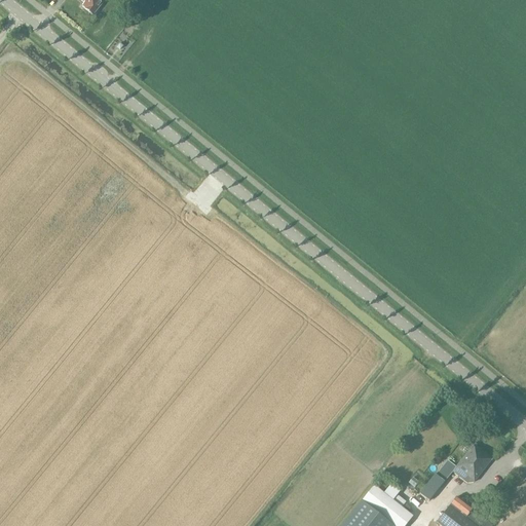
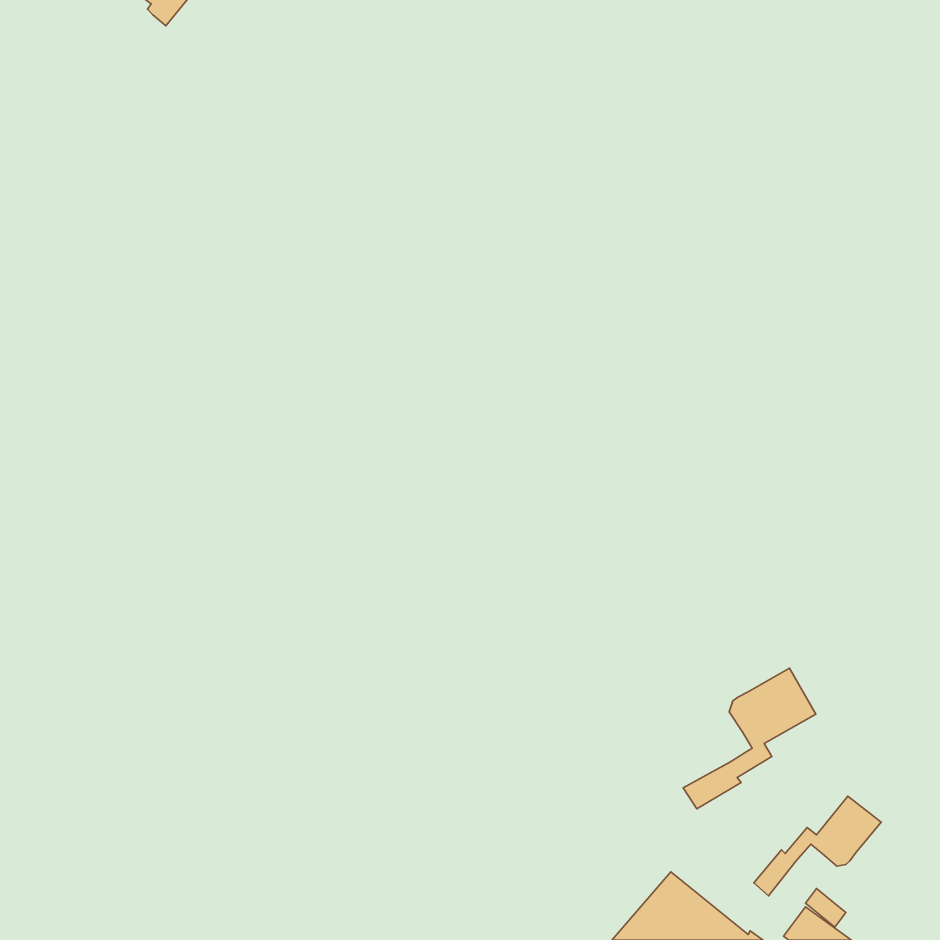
building: none -> [683,668,816,809]

